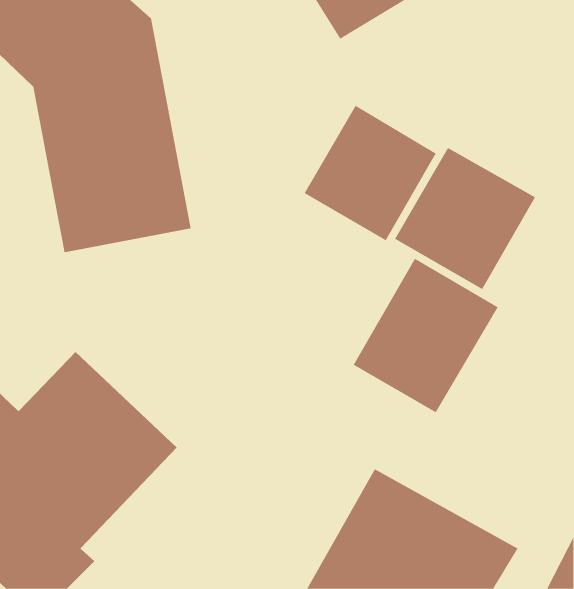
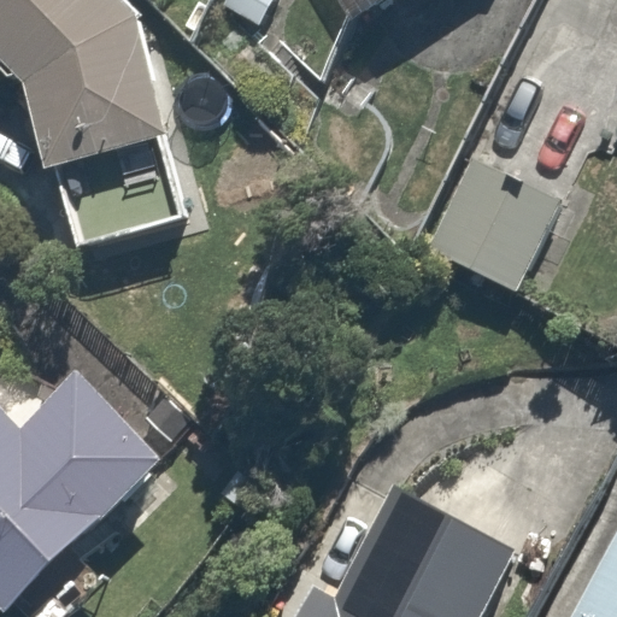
building: [304,105,437,241] -> none
building: [353,258,499,413] -> none

